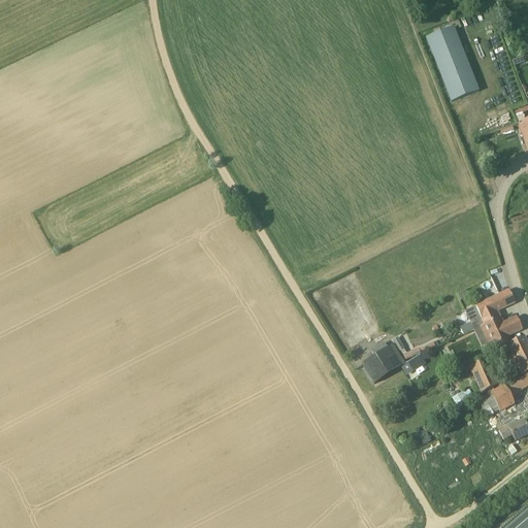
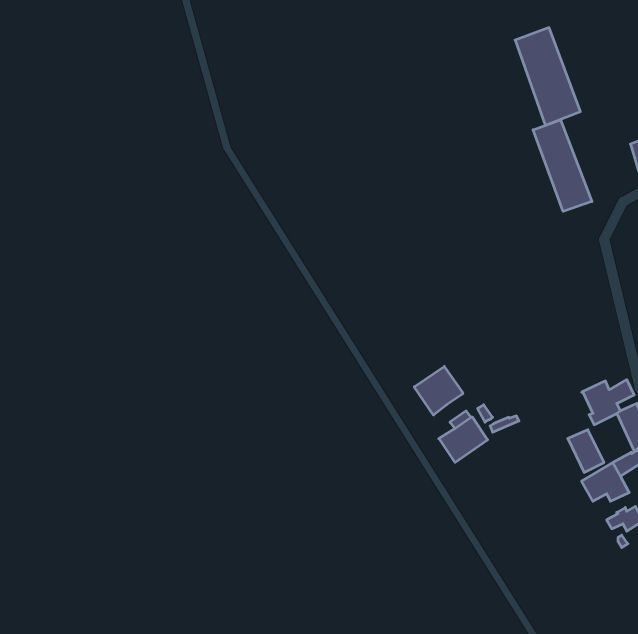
building: none -> [533,120,592,211]
building: [462,287,517,330] -> none
building: none -> [414,366,463,415]

